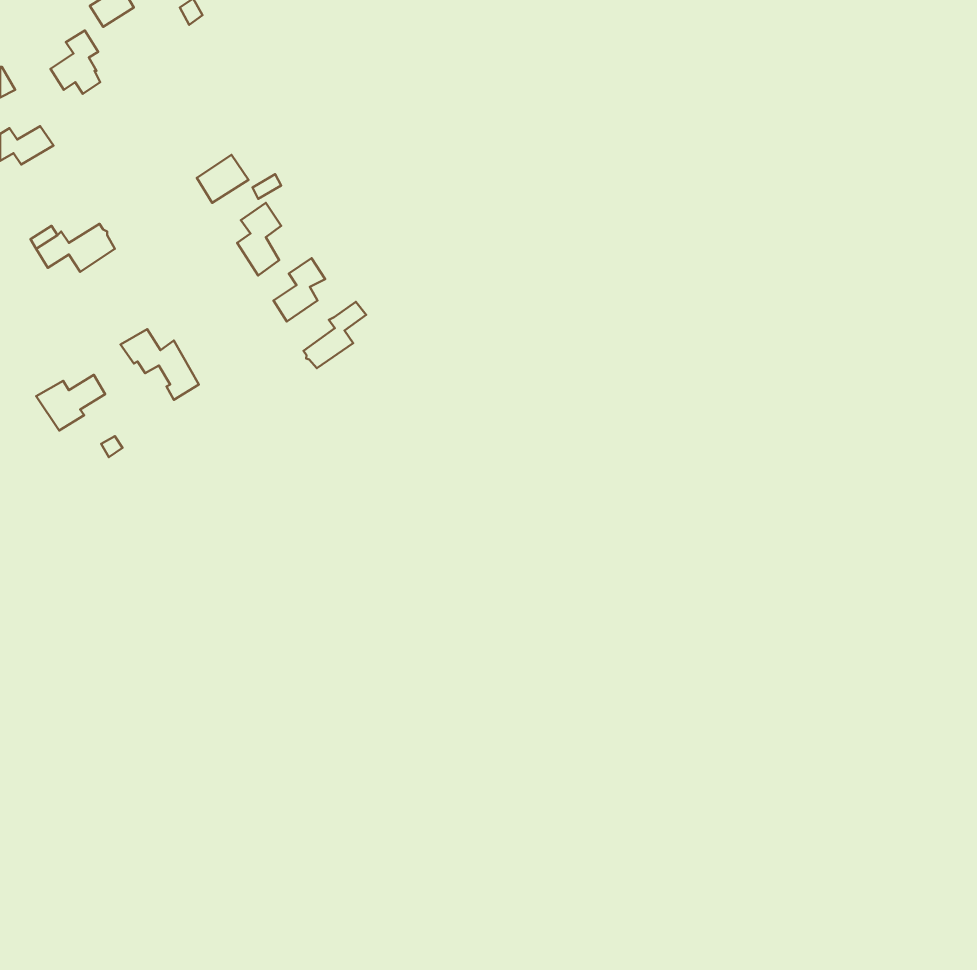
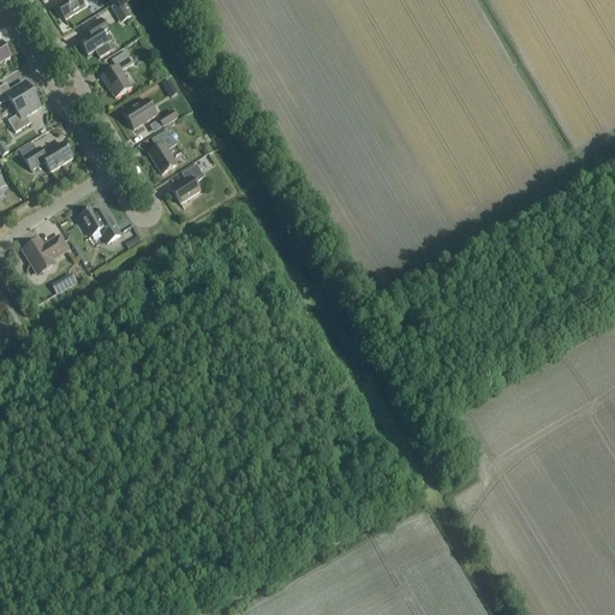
building: [50,31,100,94] -> [79,16,111,55]
building: none -> [101,48,133,95]
building: none -> [8,91,41,130]
building: [303,302,366,368] -> none

